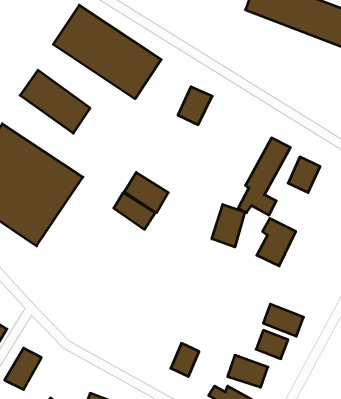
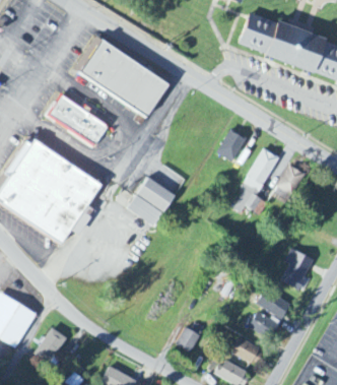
building: [178,87,212,125] -> [217,131,247,164]
building: [212,204,245,247] -> none
building: [257,218,296,266] -> [280,251,314,292]

